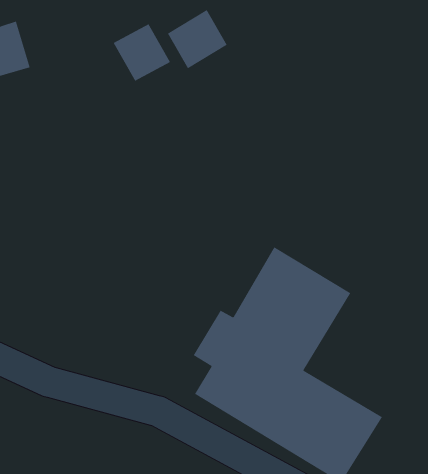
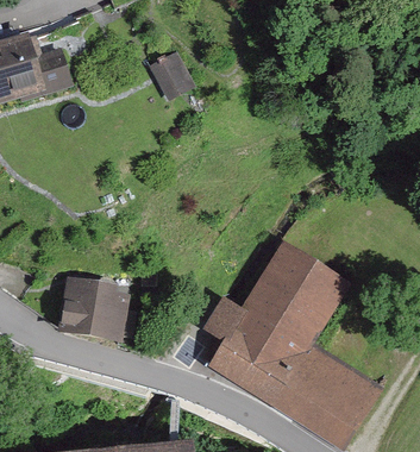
building: [167,9,228,69] -> none
building: none -> [65,270,144,339]

